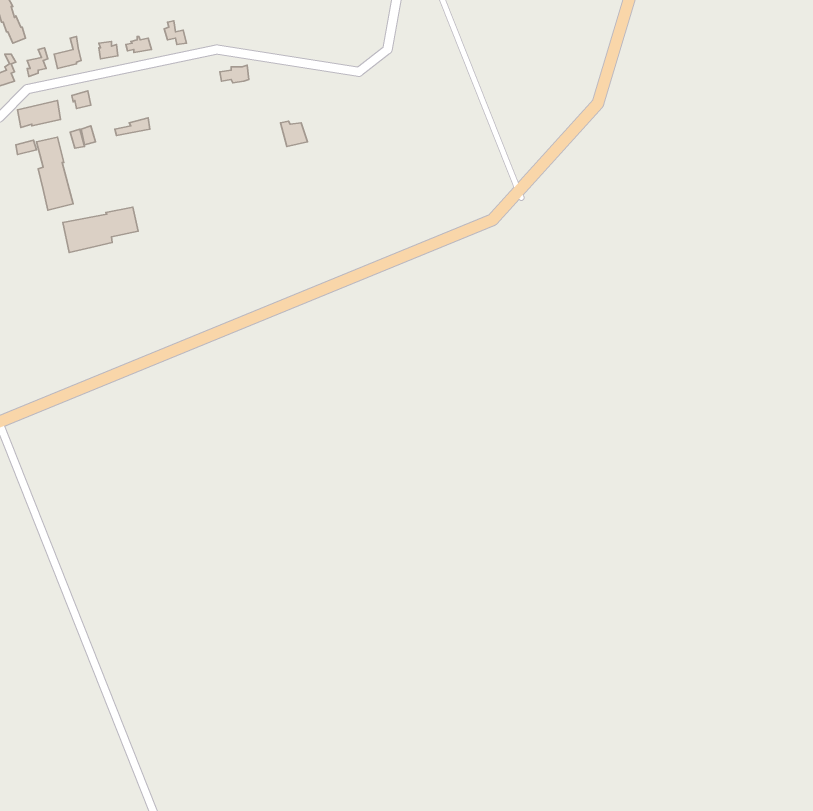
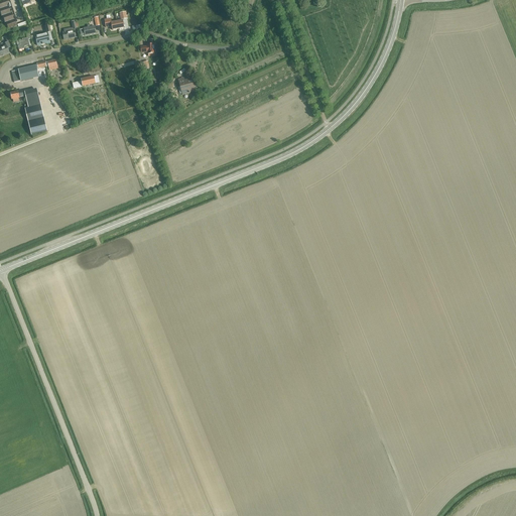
building: [63,207,138,253] -> none

